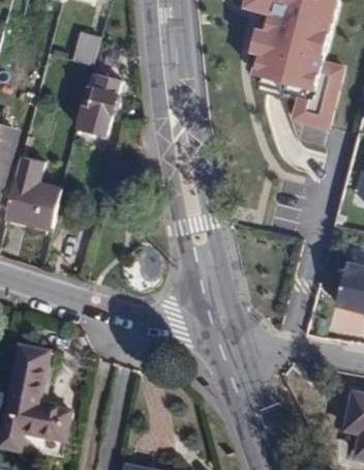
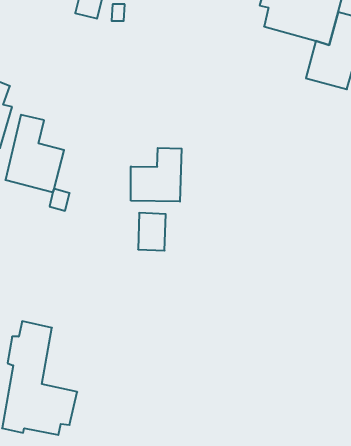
building: [77,72,118,135] -> none
building: none -> [131,148,182,202]

